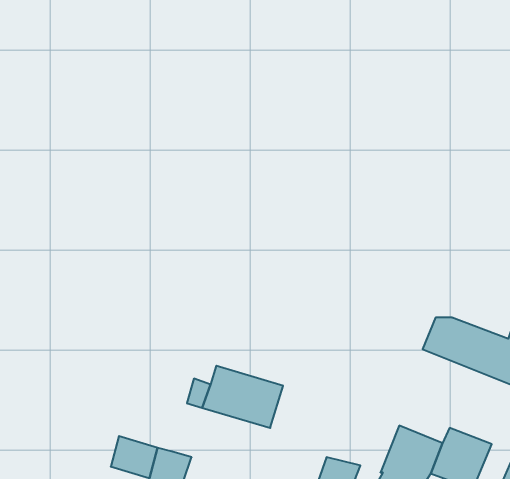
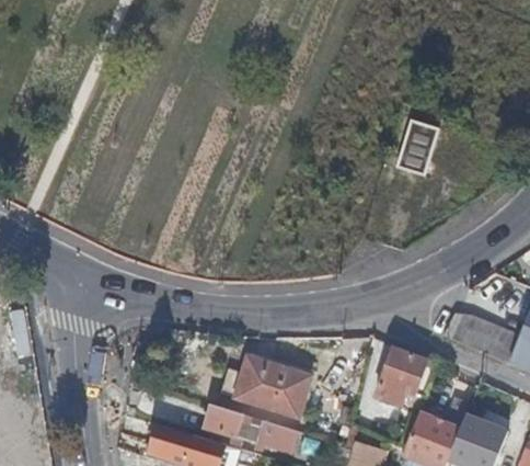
building: none -> [394,122,438,178]
building: none -> [378,348,428,405]
building: none -> [206,405,304,455]

